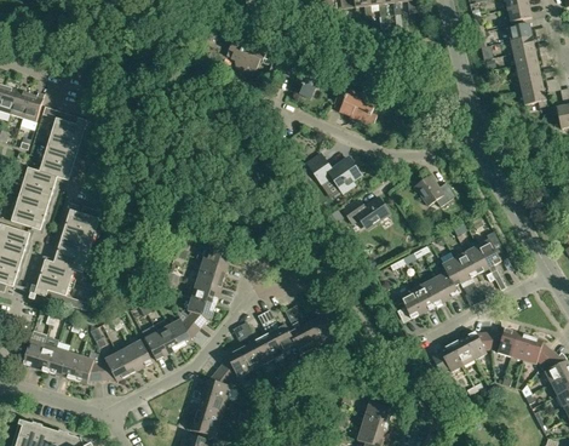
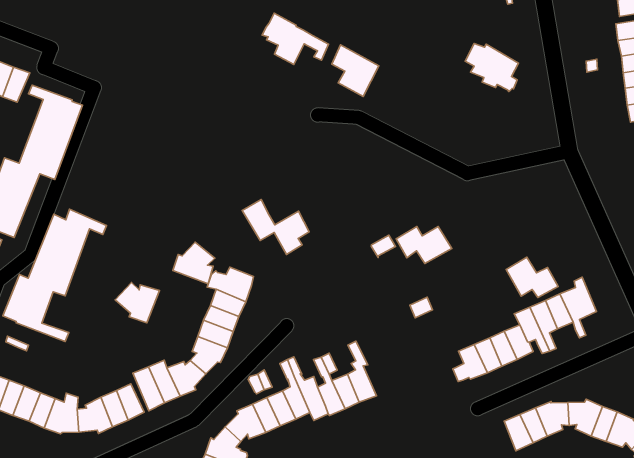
building: [334,88,377,125] -> [465,43,518,91]
building: [305,150,360,193] -> [242,200,309,255]
building: [414,175,456,206] -> [506,257,558,297]
building: none -> [173,242,215,284]
building: none -> [115,283,160,323]

